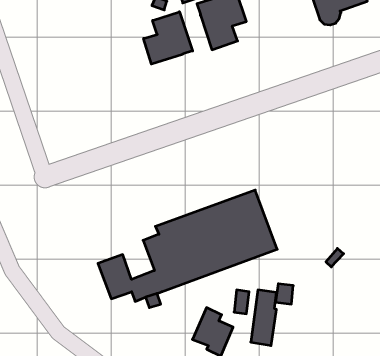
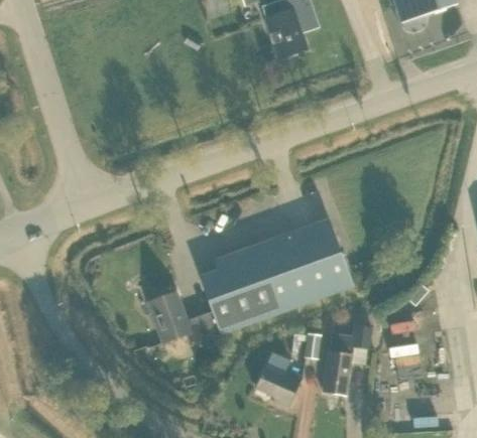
building: [144,12,193,64] -> none

